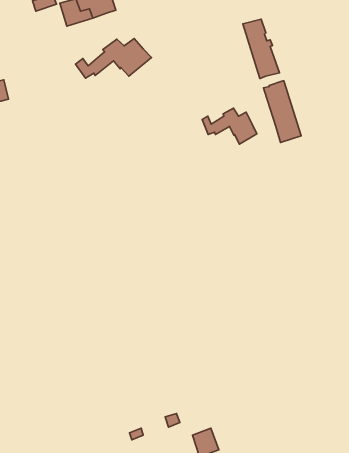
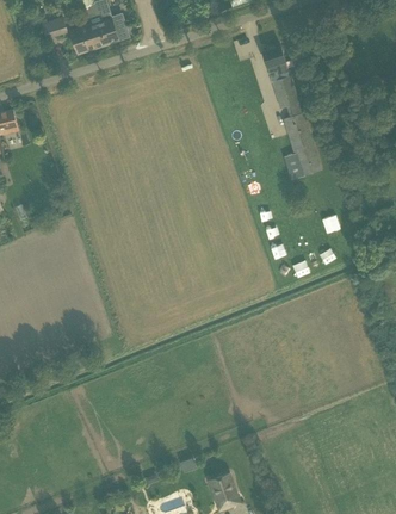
building: [75,38,151,78] -> none
building: [202,108,257,144] -> none

